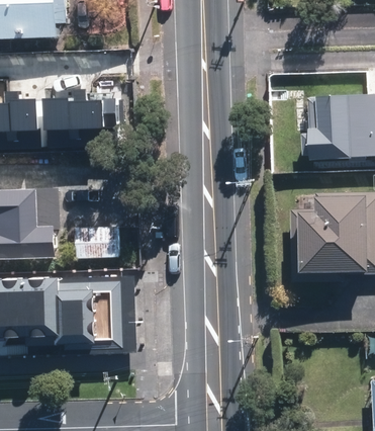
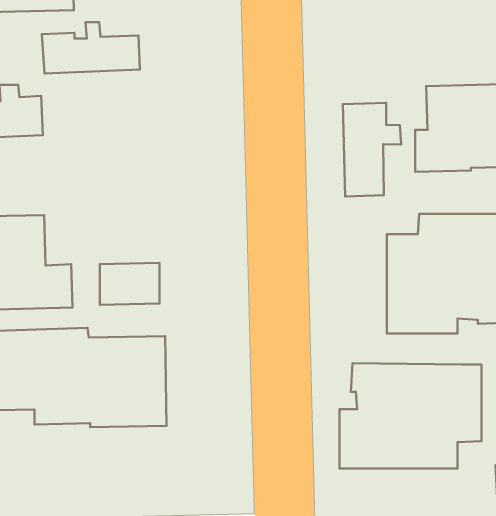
building: [41,93,114,132] -> [42,22,140,74]
building: none -> [343,103,401,196]
building: none -> [340,363,482,469]

